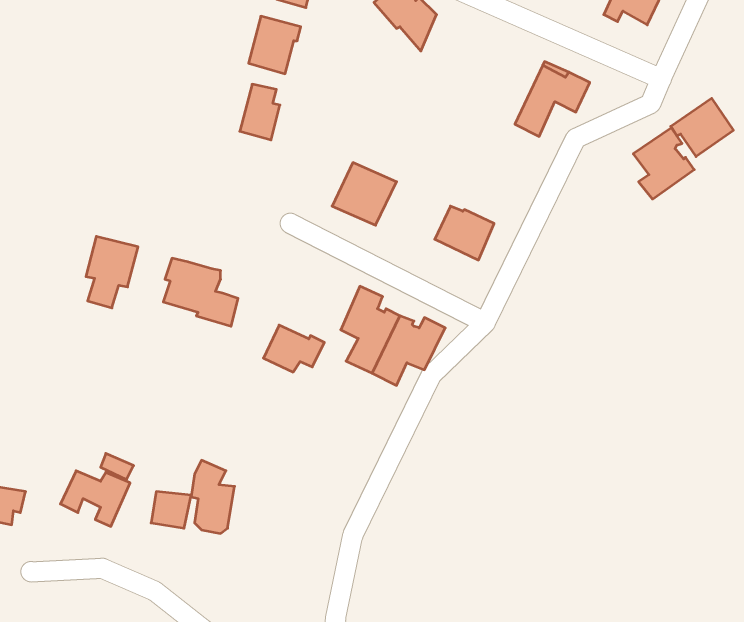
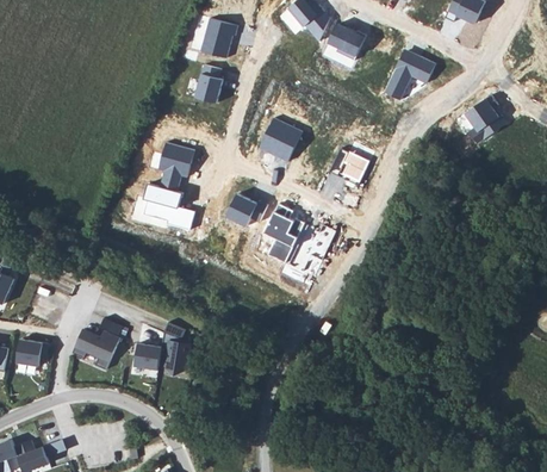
building: none -> [327,25,366,62]
building: [671,98,733,157] -> none
building: [86,236,138,308] -> [157,143,193,192]
building: [263,325,324,372] -> [225,194,267,226]

